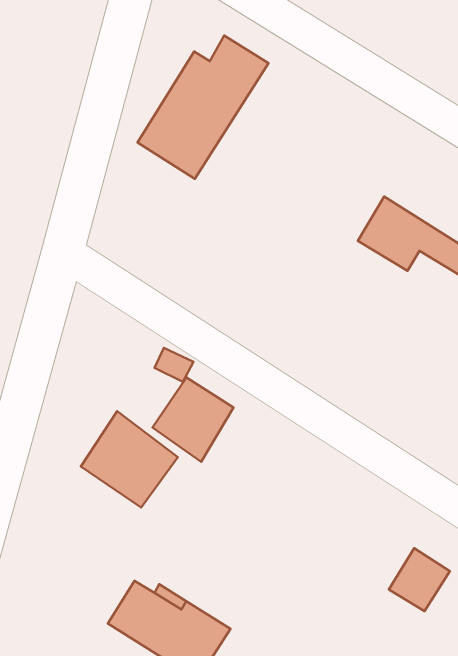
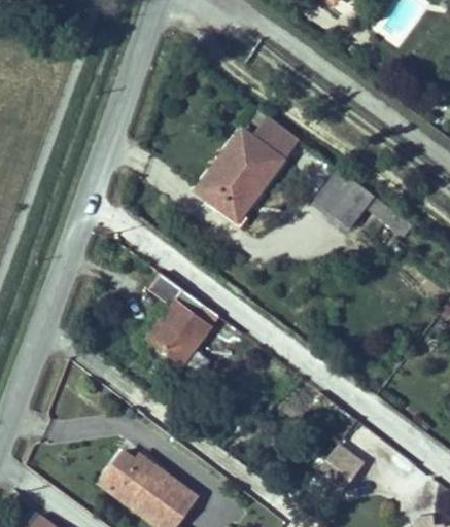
building: [138,36,268,179] -> [194,119,298,226]
building: [81,411,178,507] -> none

